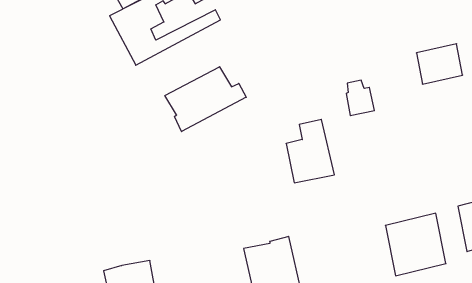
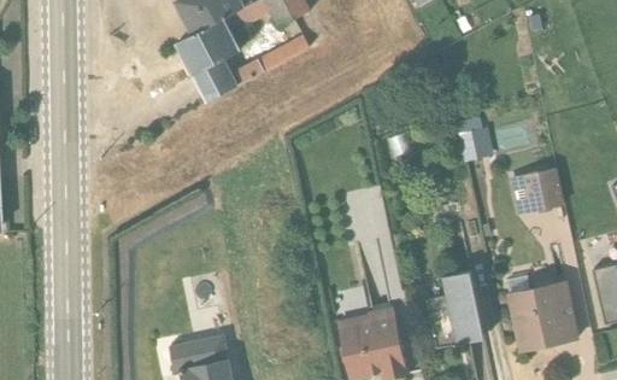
building: [416,44,463,84] -> [509,168,564,216]
building: [165,67,246,132] -> none
building: [286,119,334,183] -> [428,271,486,347]

